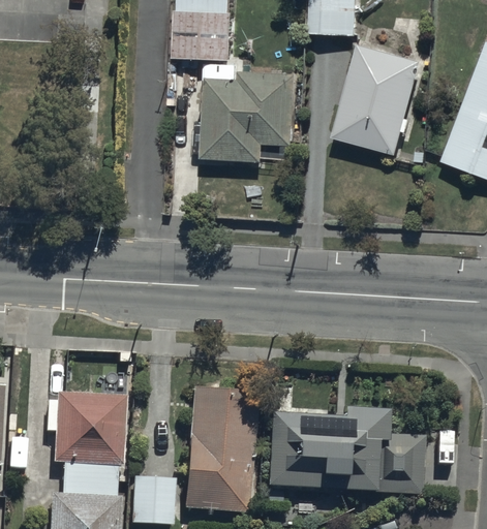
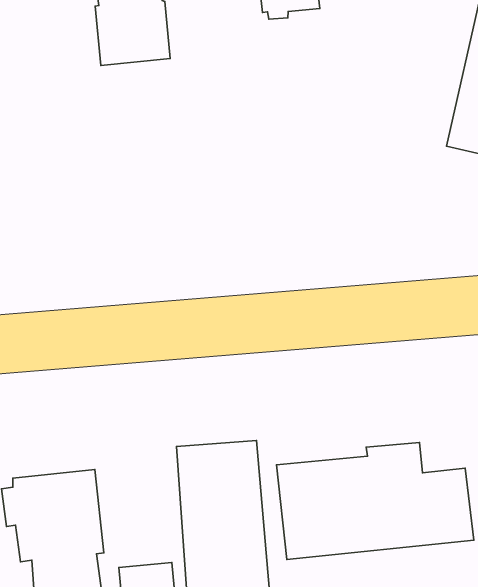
building: [333,52,424,163] -> none
building: [203,76,296,169] -> none

